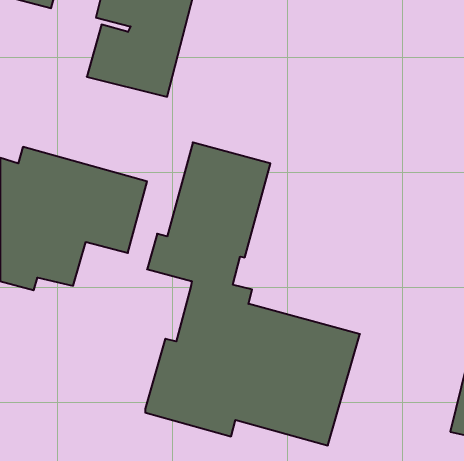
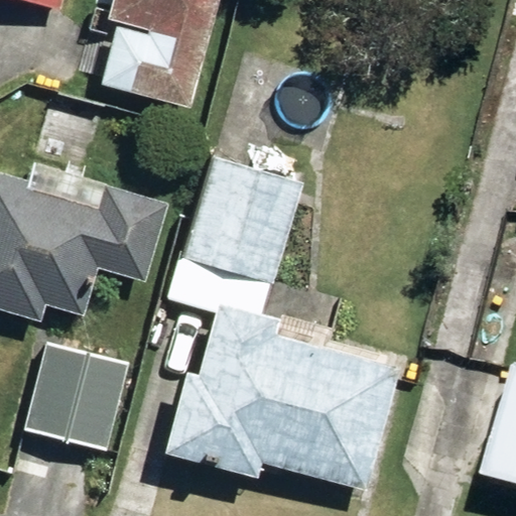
building: none -> [24,341,129,450]

